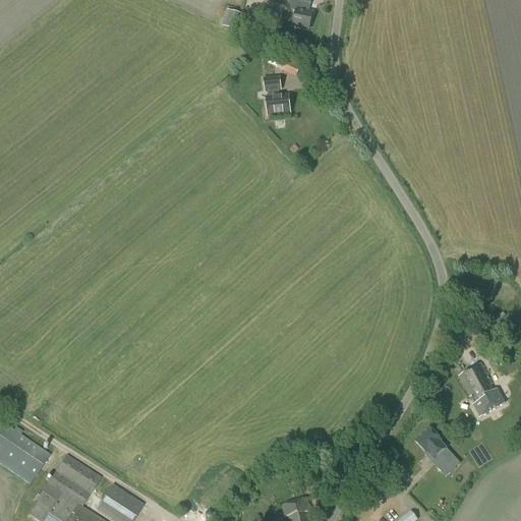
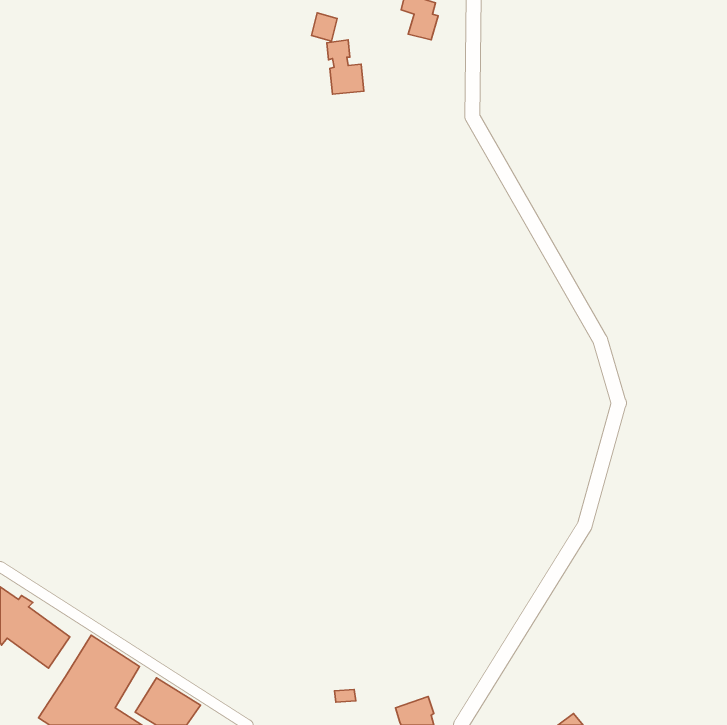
building: [264,76,290,115] -> [327,40,364,94]
building: [459,362,505,416] -> none
building: [414,426,452,470] -> none

